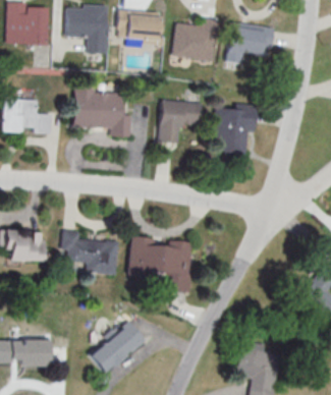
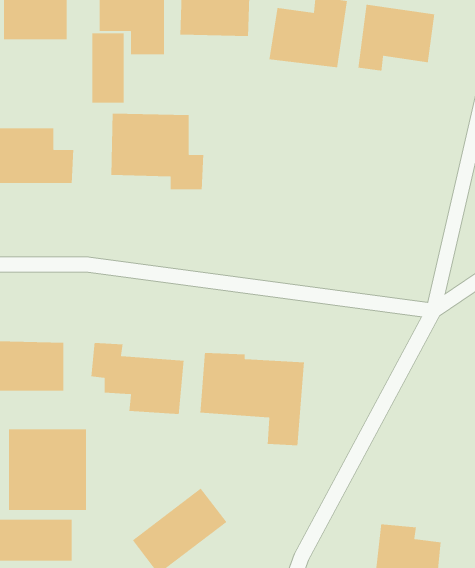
building: none -> [91,33,124,103]
building: [159,101,202,144] -> none
building: [212,104,255,155] -> none
building: none -> [8,429,87,511]

